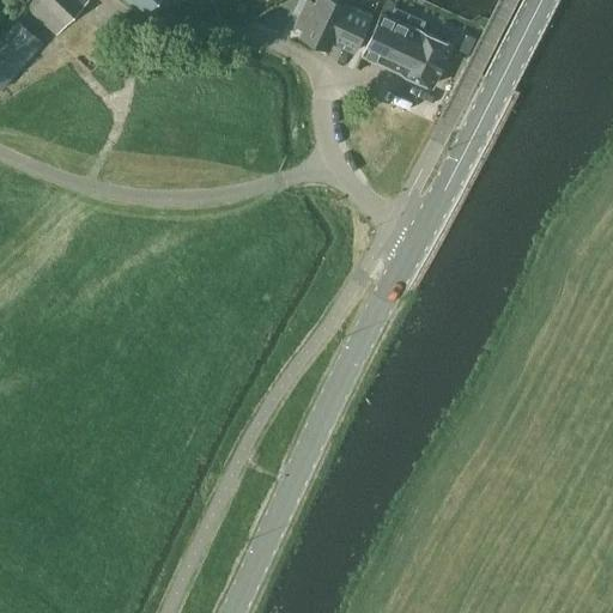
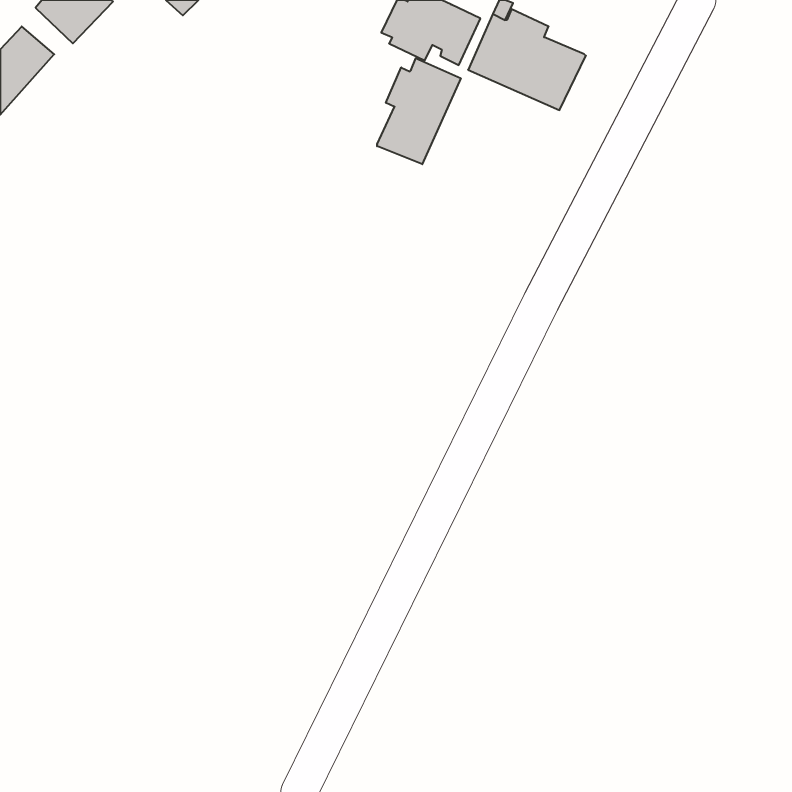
building: none -> [377,58,461,164]

